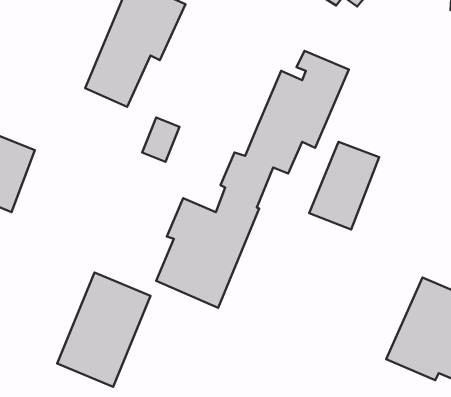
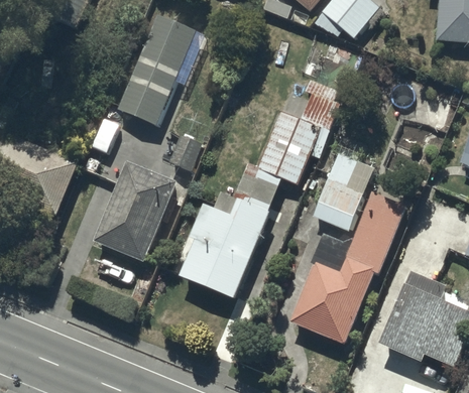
building: none -> [289,191,406,342]
building: [57,272,151,387] -> [95,161,175,260]

